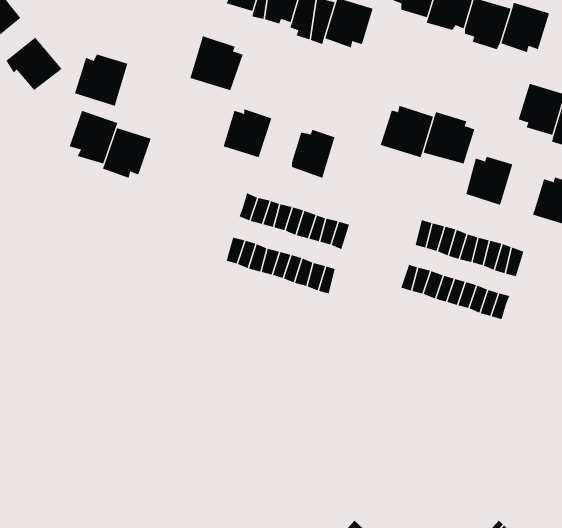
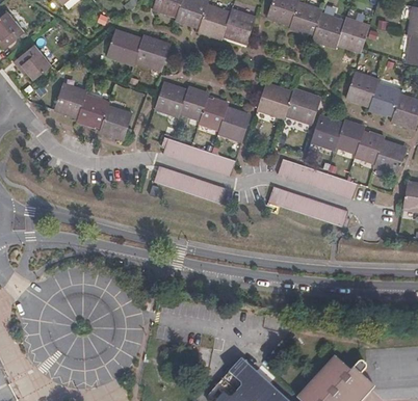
building: [74,54,128,106] -> [106,36,141,71]
building: none -> [181,89,208,122]
building: none -> [220,108,252,142]
building: none -> [101,109,132,144]
building: none -> [339,119,366,153]

